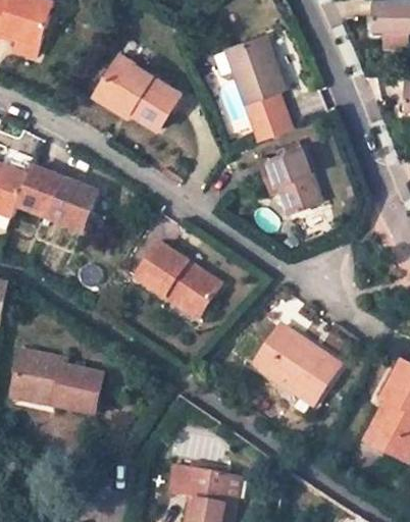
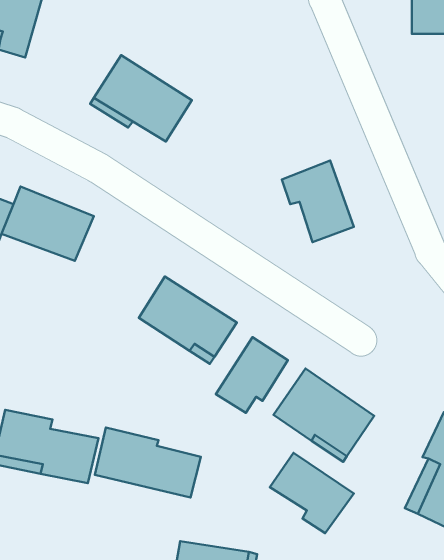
building: [226,38,290,140] -> none
building: none -> [216,337,288,413]
building: none -> [95,428,201,498]
building: none -> [270,453,354,533]

